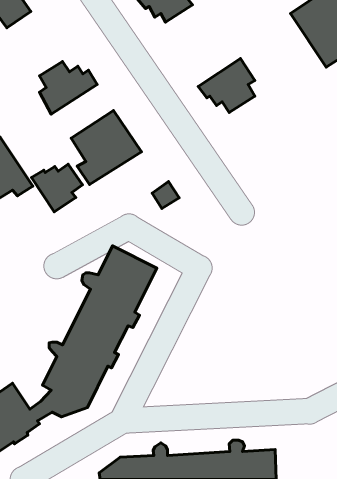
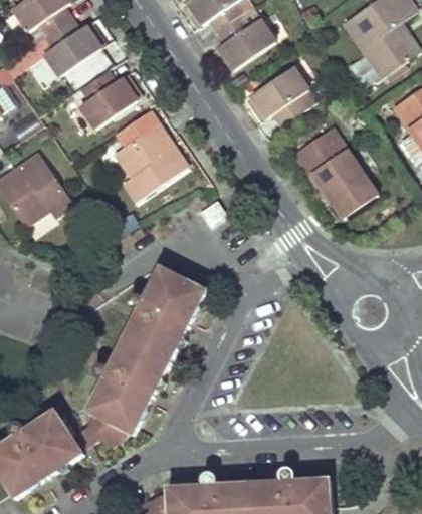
building: none -> [213,13,274,73]
building: none -> [46,20,109,74]
building: none -> [292,128,376,216]
building: [31,164,83,212] -> none

